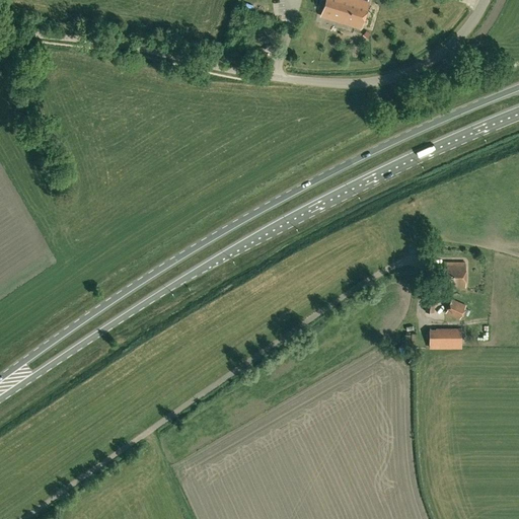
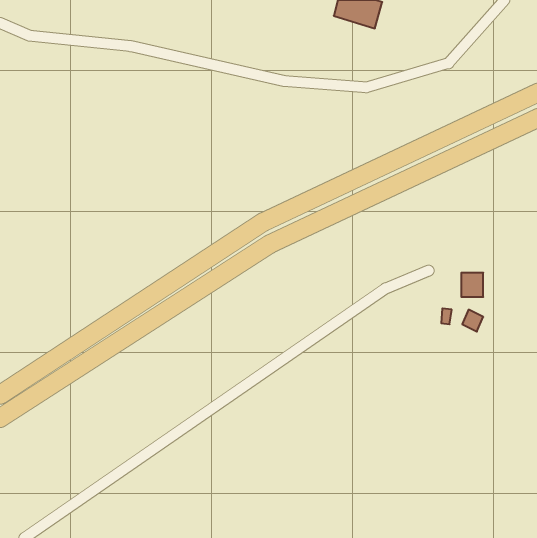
building: [430,327,462,349] -> none

